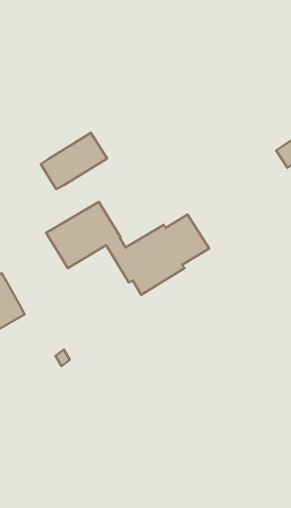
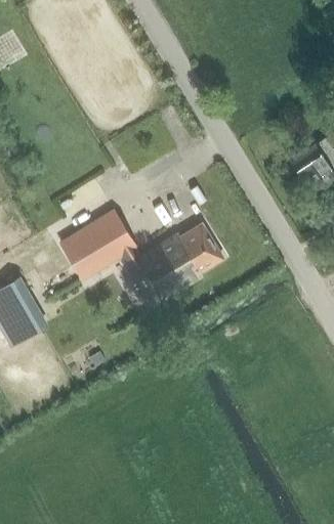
building: [41,133,107,189] -> none

